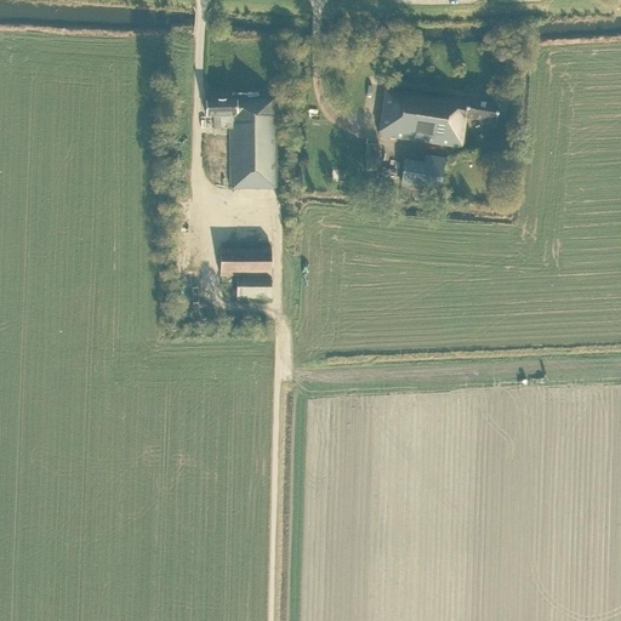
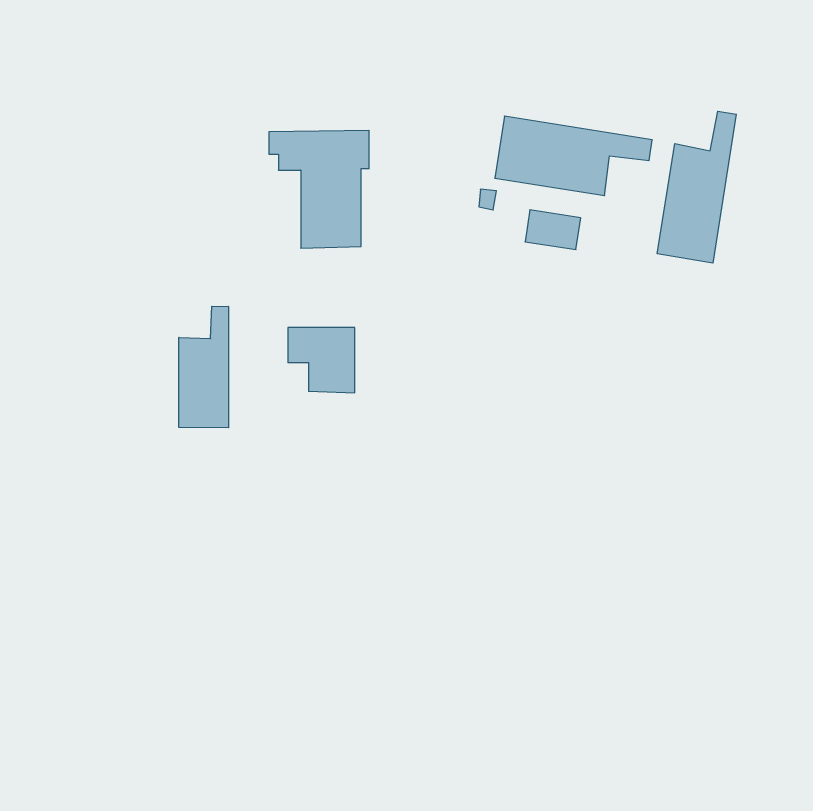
building: none -> [657,111,736,263]
building: none -> [179,306,229,428]

